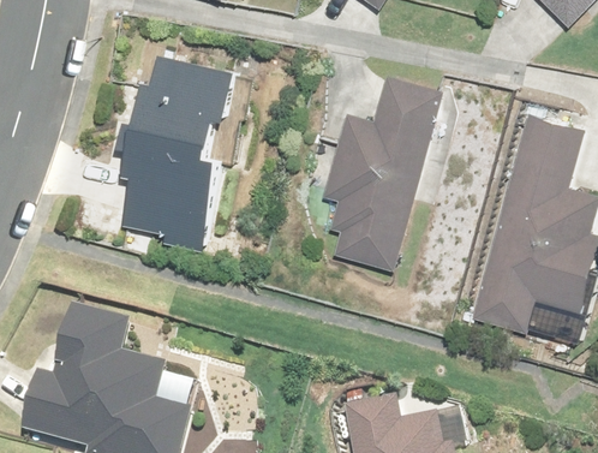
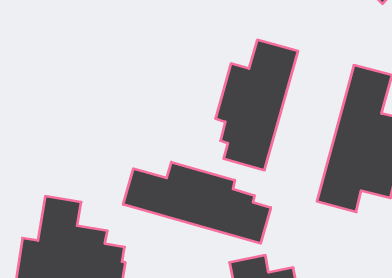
building: [120,56,250,250] -> none
building: none -> [123,162,271,243]

